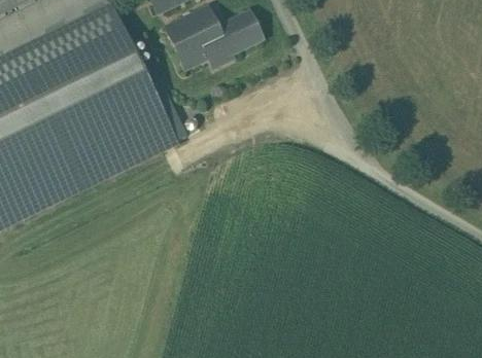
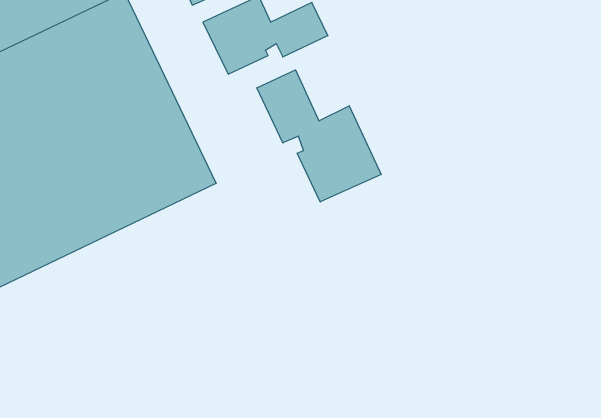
building: none -> [257,70,381,202]

